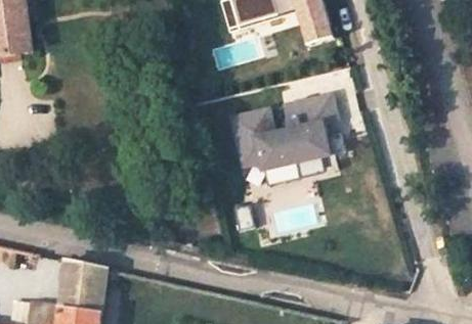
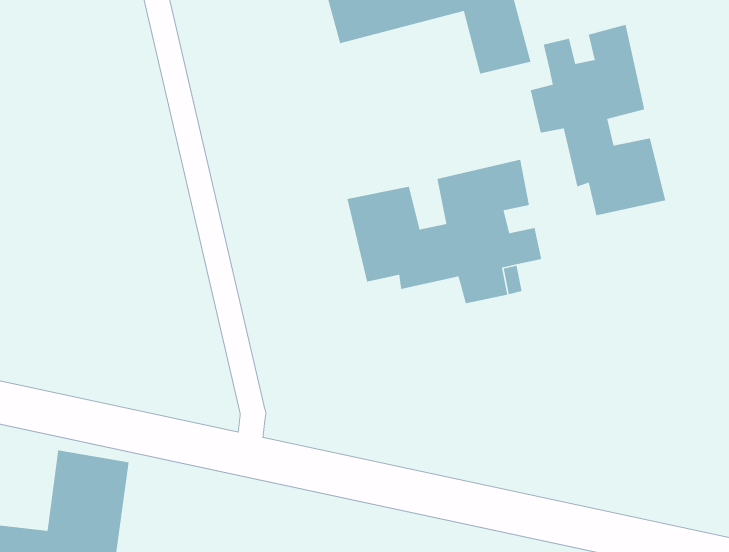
building: none -> [530,24,666,216]

